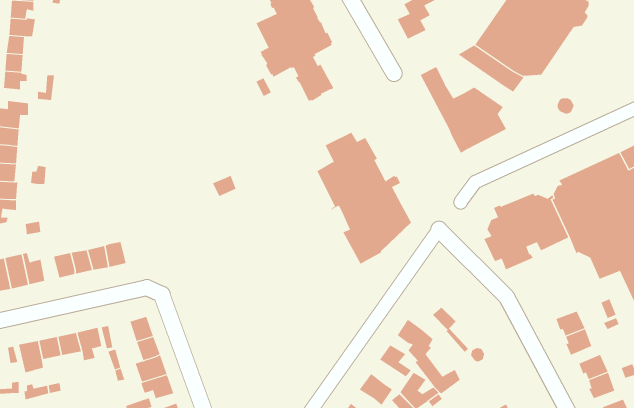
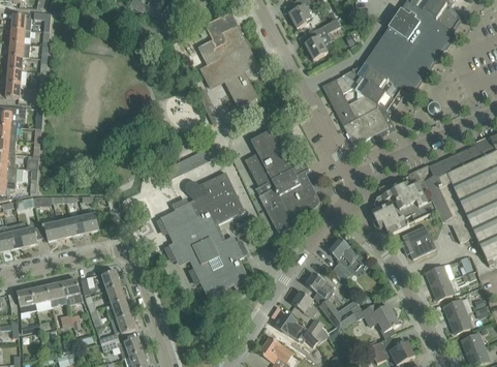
building: none -> [344,70,394,111]
building: none -> [157,172,250,300]
building: none -> [401,224,435,258]
building: none -> [327,236,358,263]
building: none -> [363,305,398,332]

